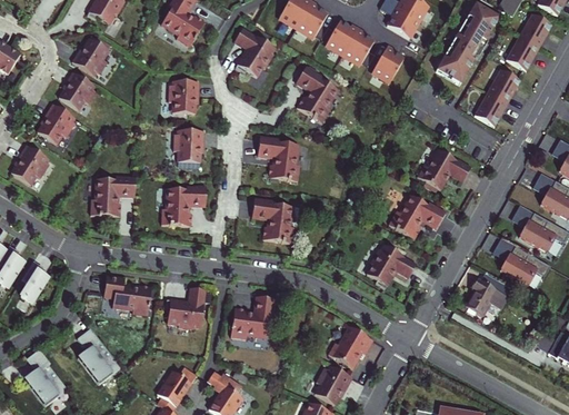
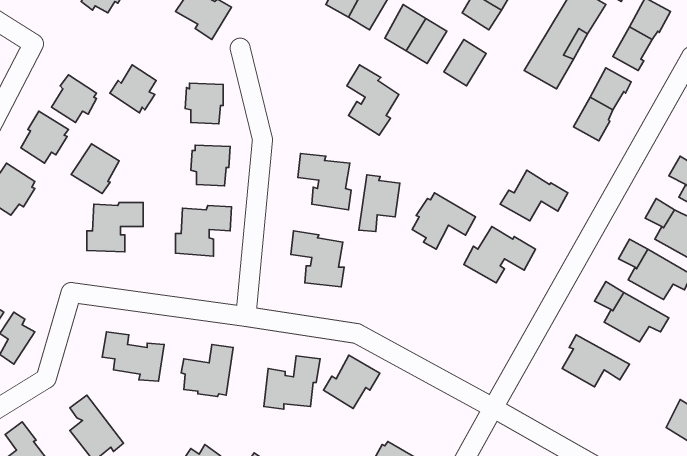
building: [234,28,276,77] -> none
building: [71,38,108,76] -> [110,65,156,113]
building: none -> [71,144,119,194]
building: none -> [359,175,400,232]
building: [366,244,416,288] -> [412,193,475,249]
building: [328,325,372,367] -> [324,355,380,408]

